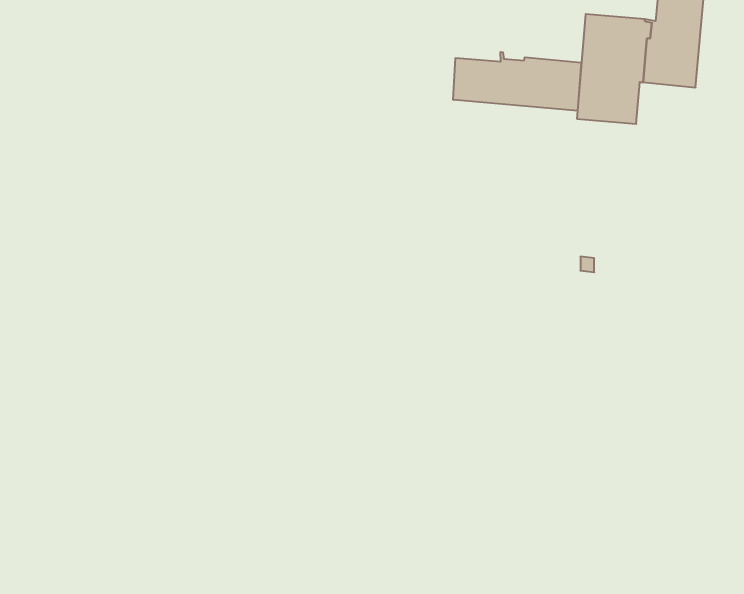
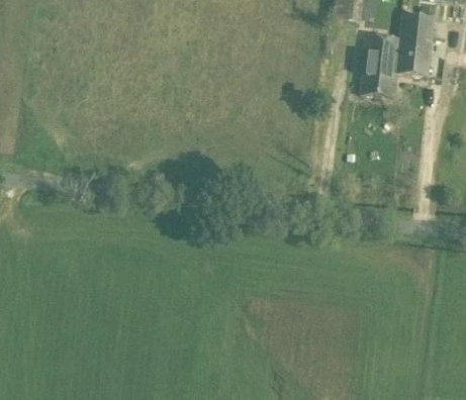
building: [453,52,581,111] -> none

